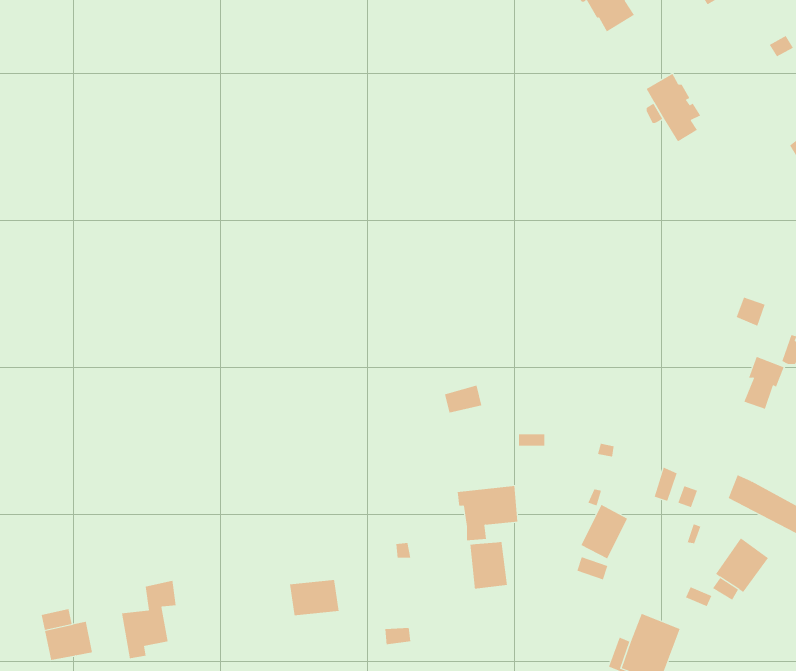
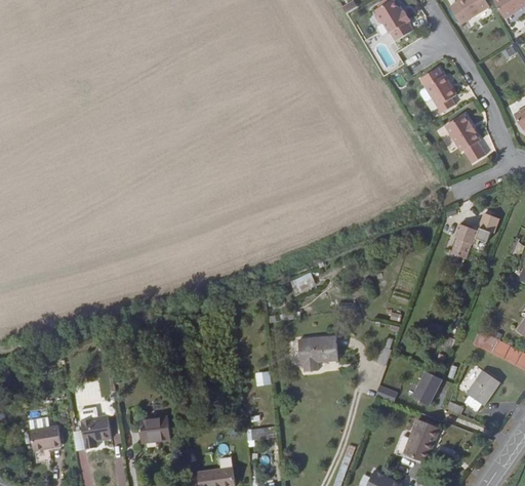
building: none -> [446,114,486,163]
building: [744,356,785,410] -> [452,224,479,258]
building: [581,504,628,559] -> [411,367,442,403]
building: [470,541,508,590] -> none
building: [289,580,340,616] -> [137,418,170,442]

